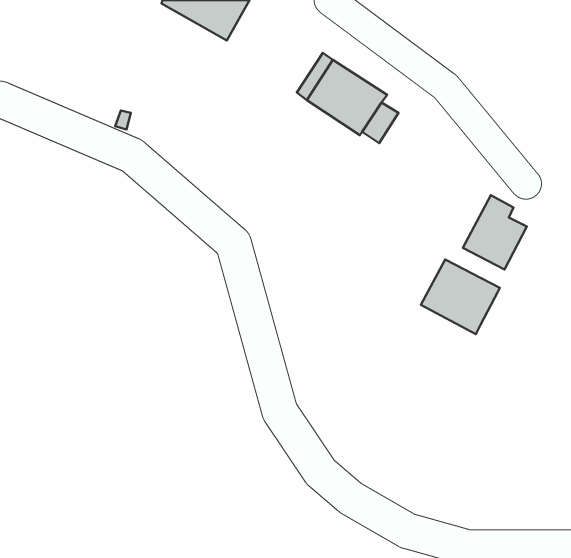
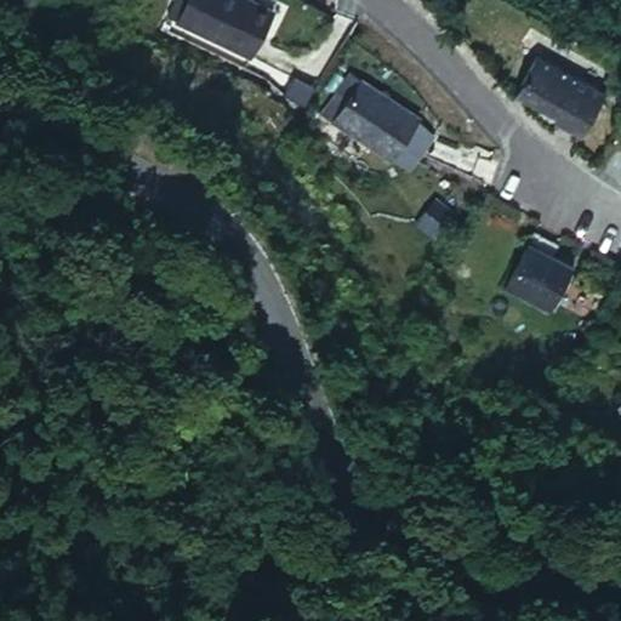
building: none -> [515,53,606,135]
building: [421,260,500,334] -> none

